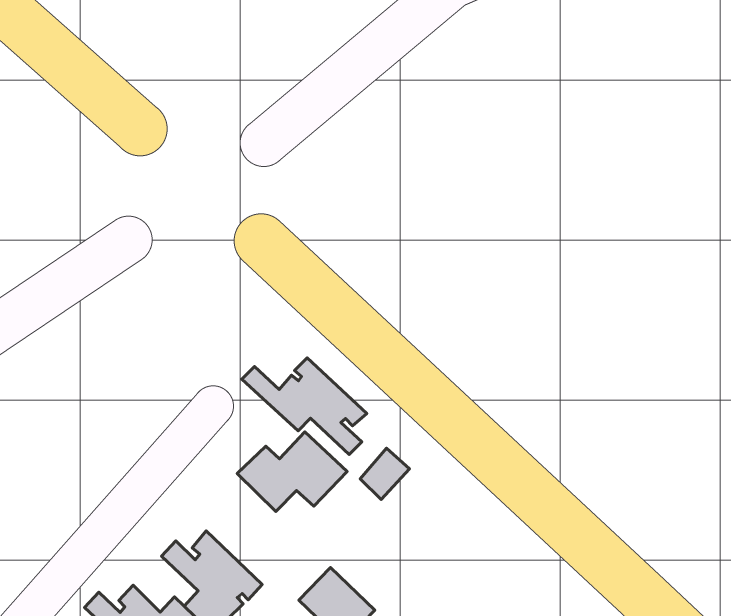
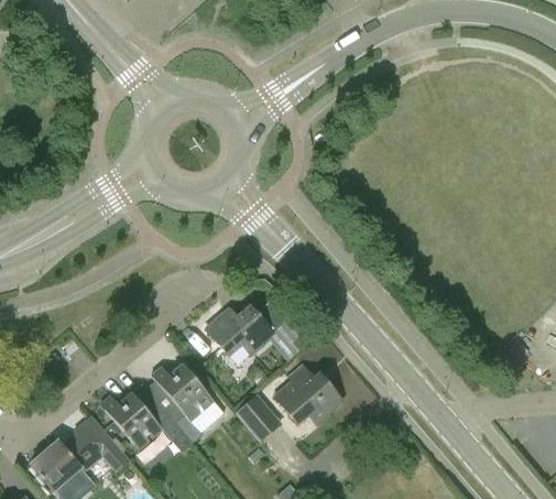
building: [242,358,367,455] -> none
building: none -> [274,362,341,423]

